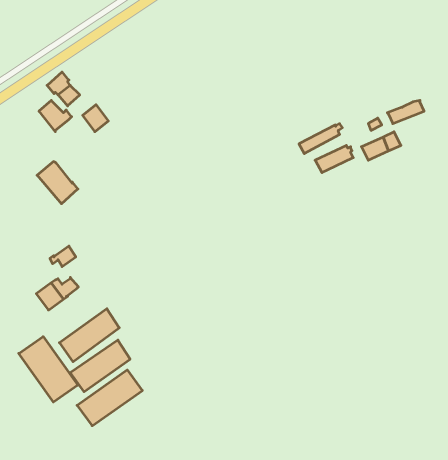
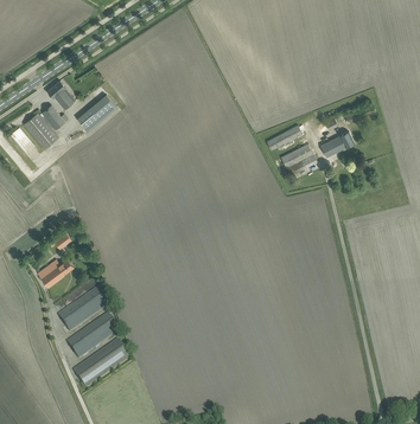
building: [37,162,78,204] -> [23,111,58,148]
building: [19,337,78,402] -> none

